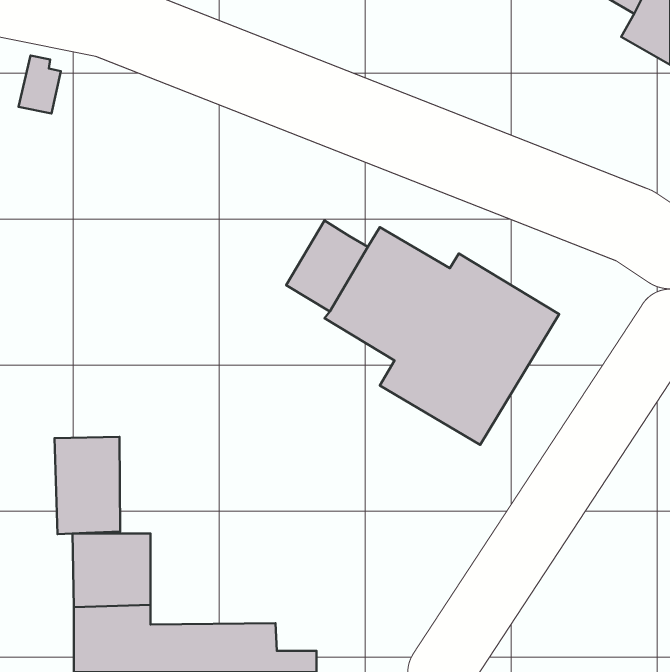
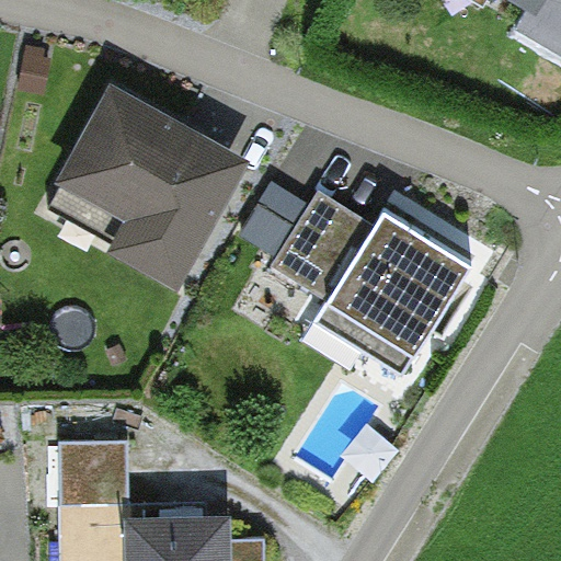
building: none -> [50,91,247,290]
building: [54,437,120,534] -> none

